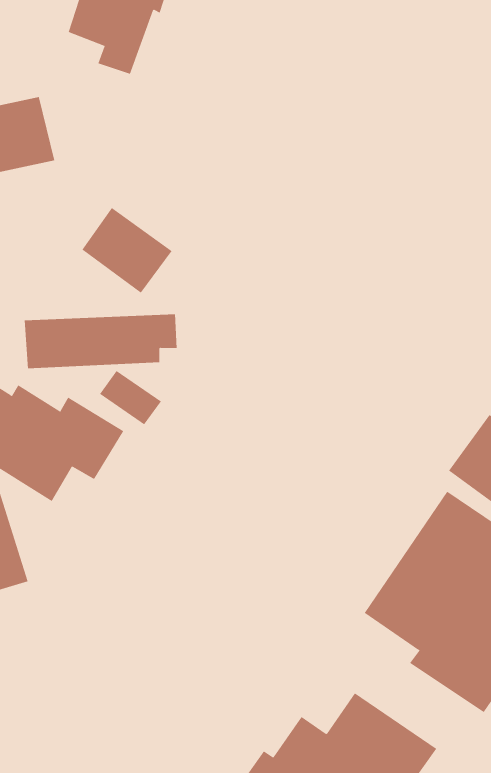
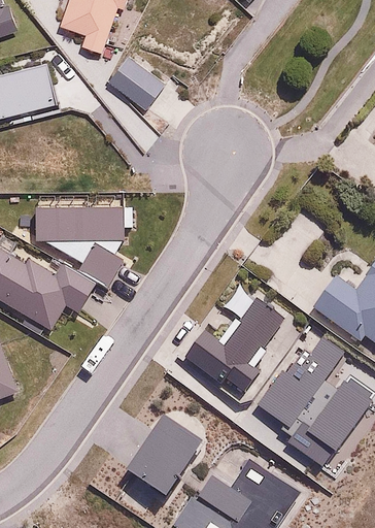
building: [82,207,172,293] -> [99,56,159,112]
building: none -> [173,287,284,407]
building: none -> [135,408,216,493]

